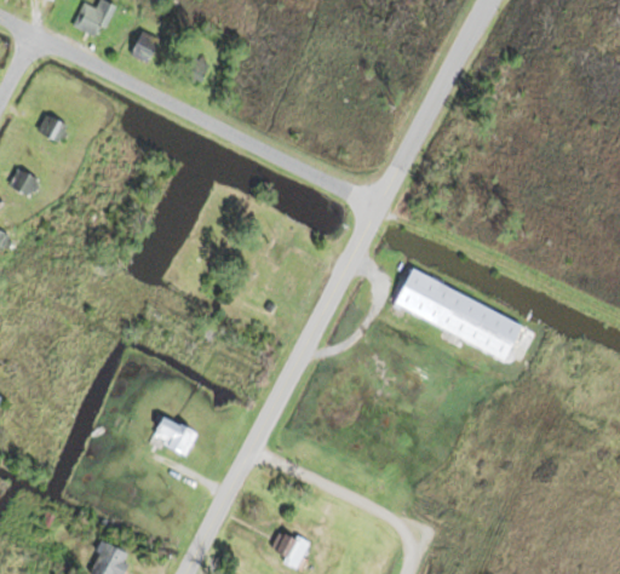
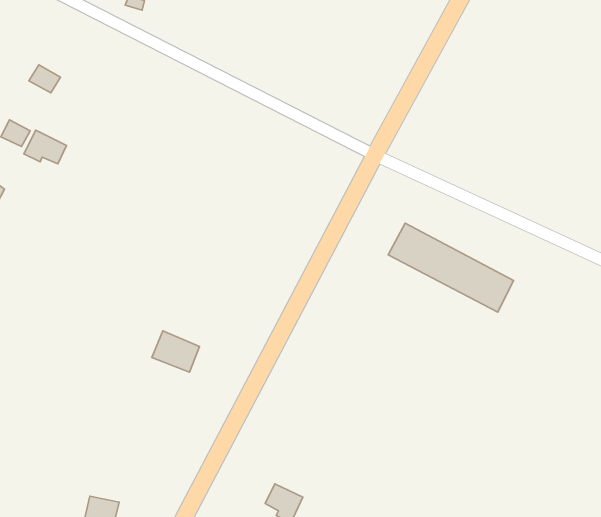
building: none -> [24,130,67,164]
building: [150,415,197,457] -> [152,331,199,372]

